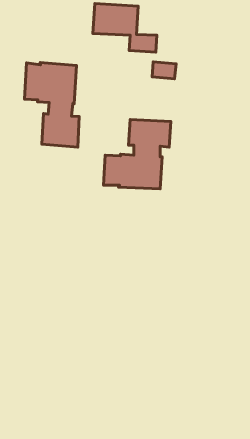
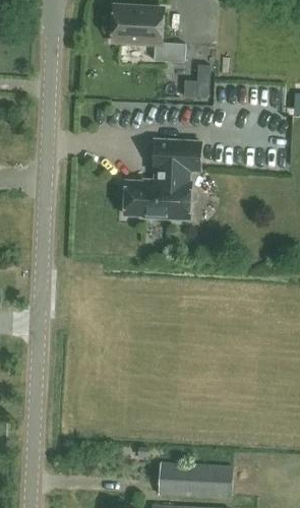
building: [25,63,79,147] -> none
building: none -> [158,462,233,498]

